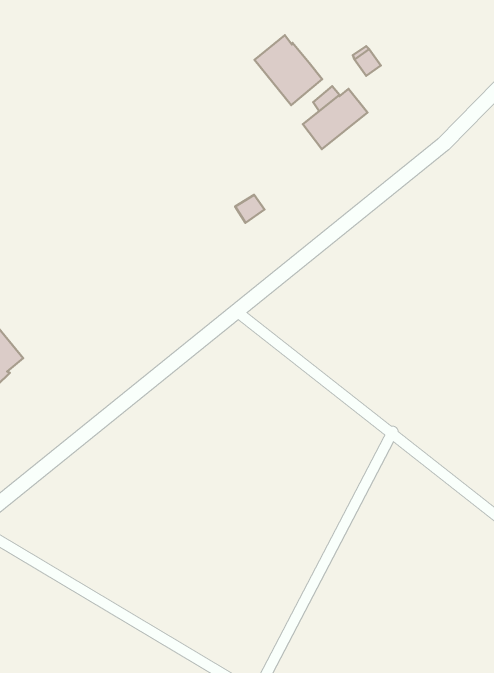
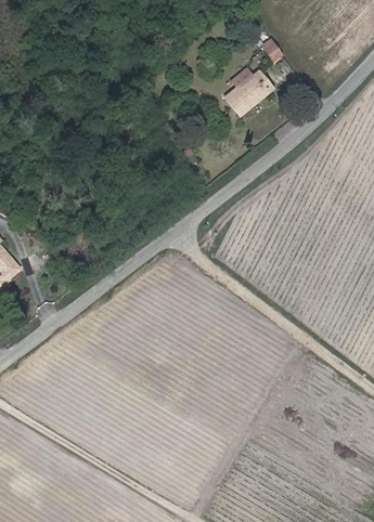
building: [254,35,322,105] -> none

